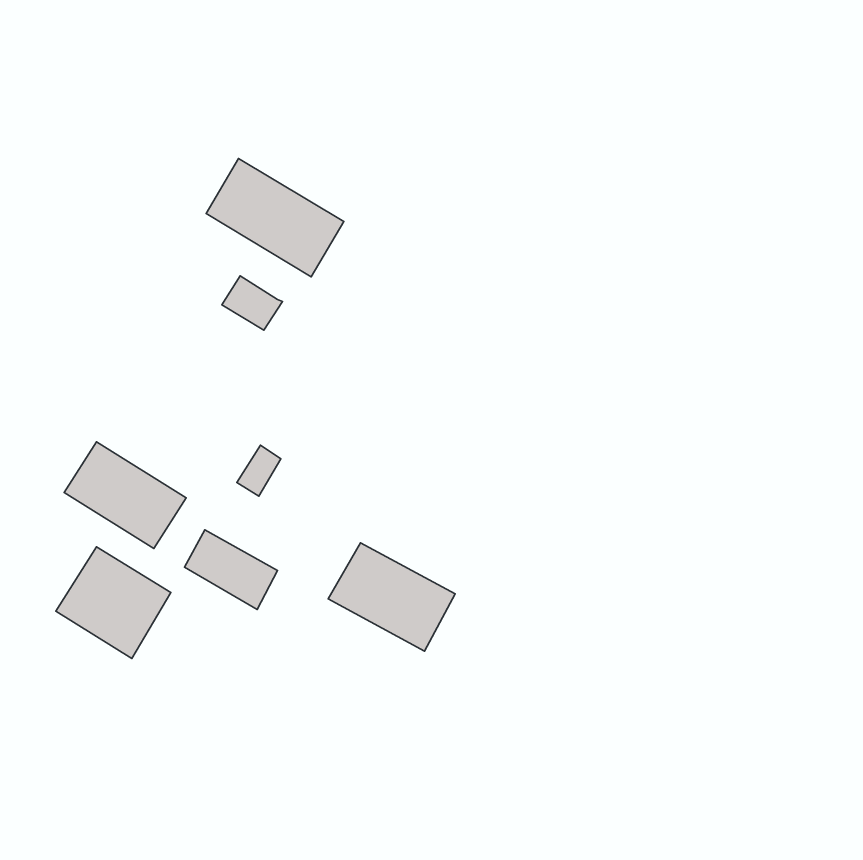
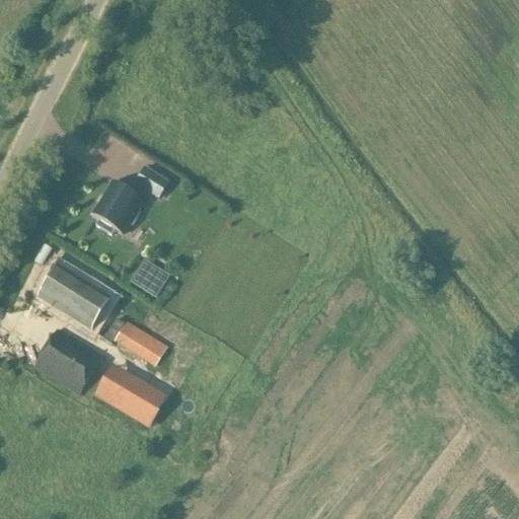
building: [206,158,344,277] -> none
building: none -> [92,181,142,233]
building: [328,543,455,651] -> [88,361,164,426]

